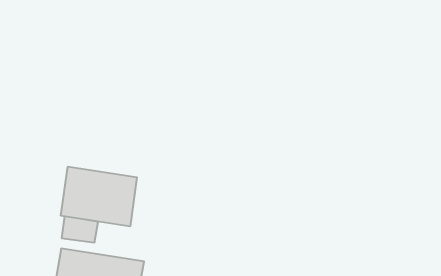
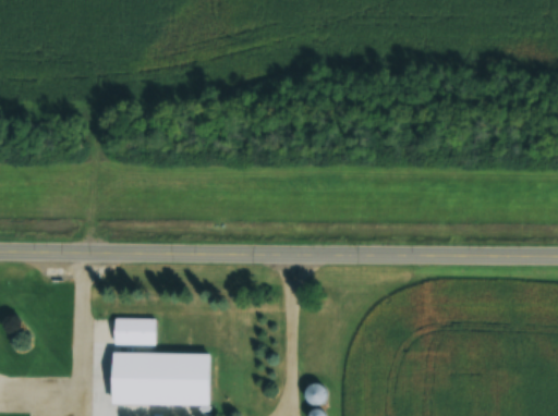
building: [61,167,137,226] -> none

